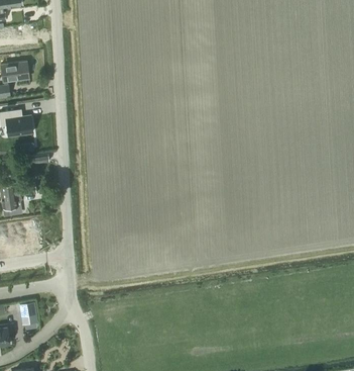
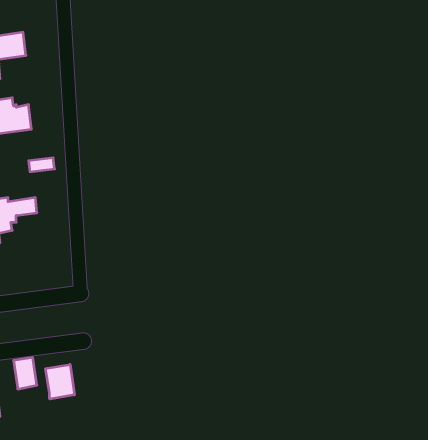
building: none -> [46,364,74,399]

